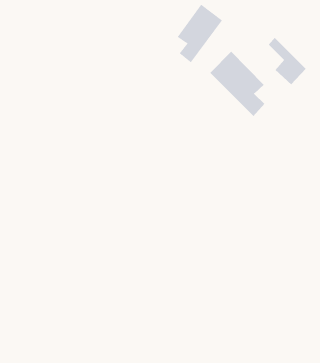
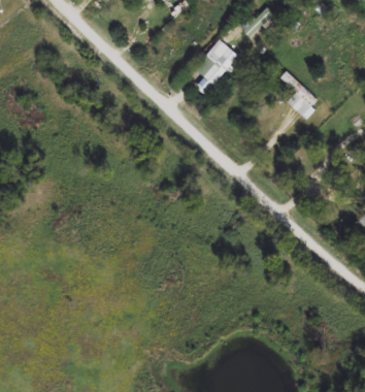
building: [210,51,265,117] -> none

